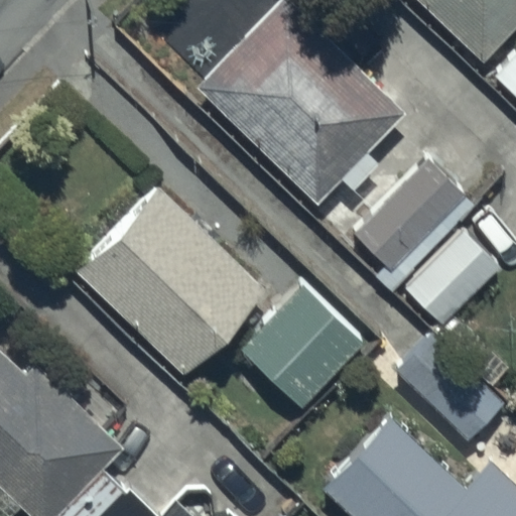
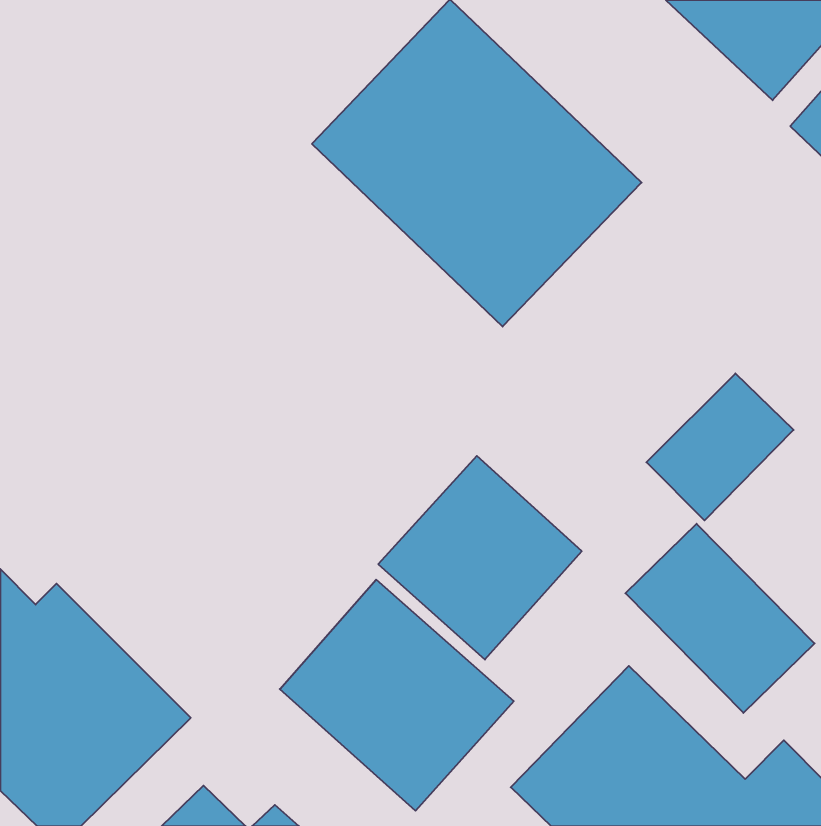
building: [350,156,466,275] -> none
building: [77,187,269,379] -> none
building: none -> [280,580,514,811]

